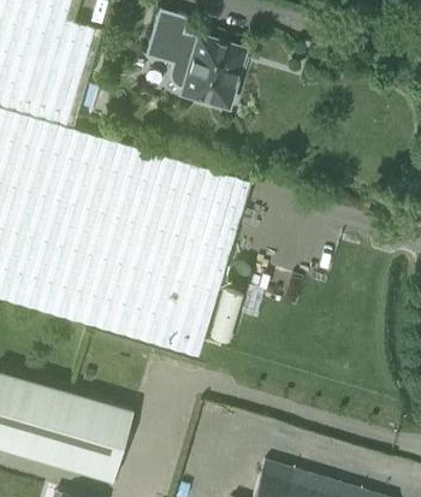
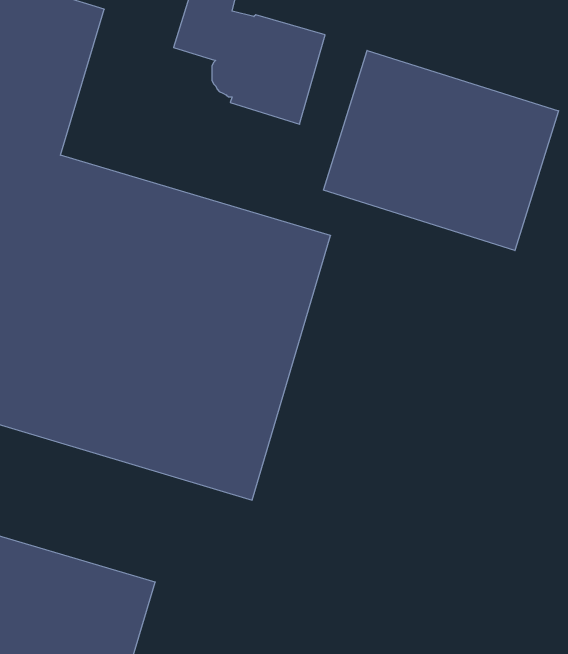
building: none -> [323,50,559,251]

